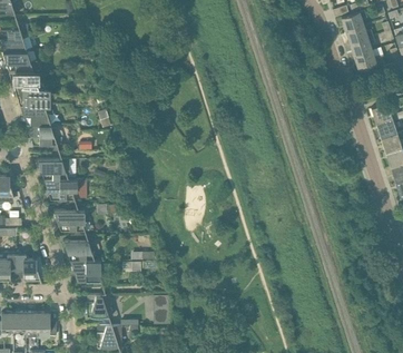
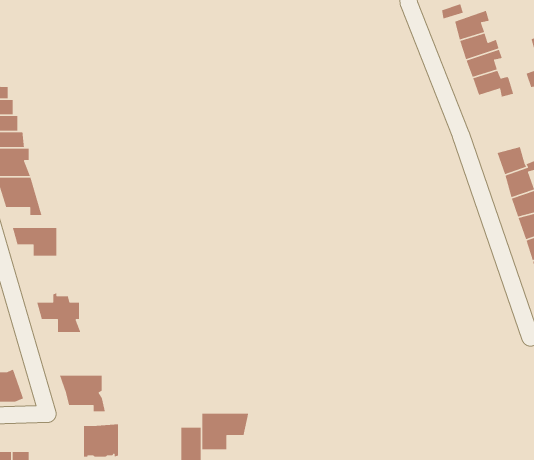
building: [43,179,86,206] -> none
building: [63,236,95,261] -> none
building: none -> [201,413,249,450]

